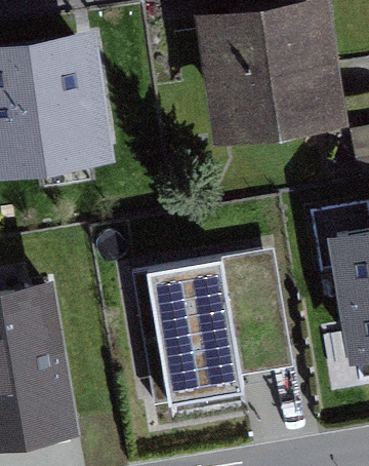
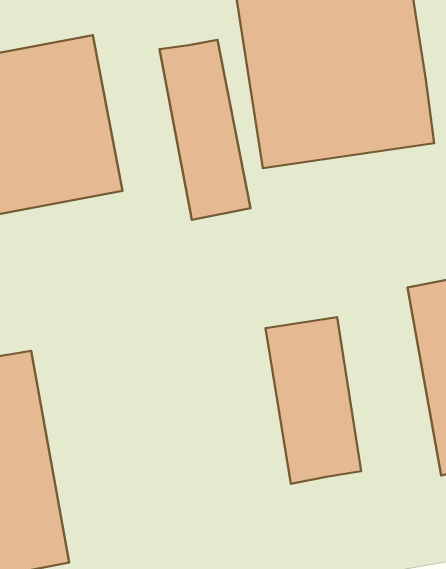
building: none -> [160,40,250,220]
building: [146,260,243,404] -> none

